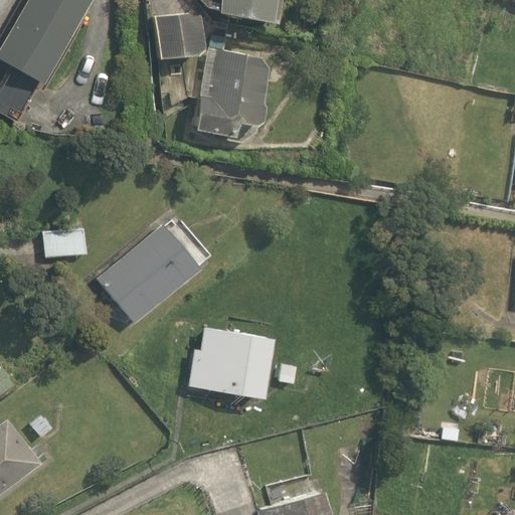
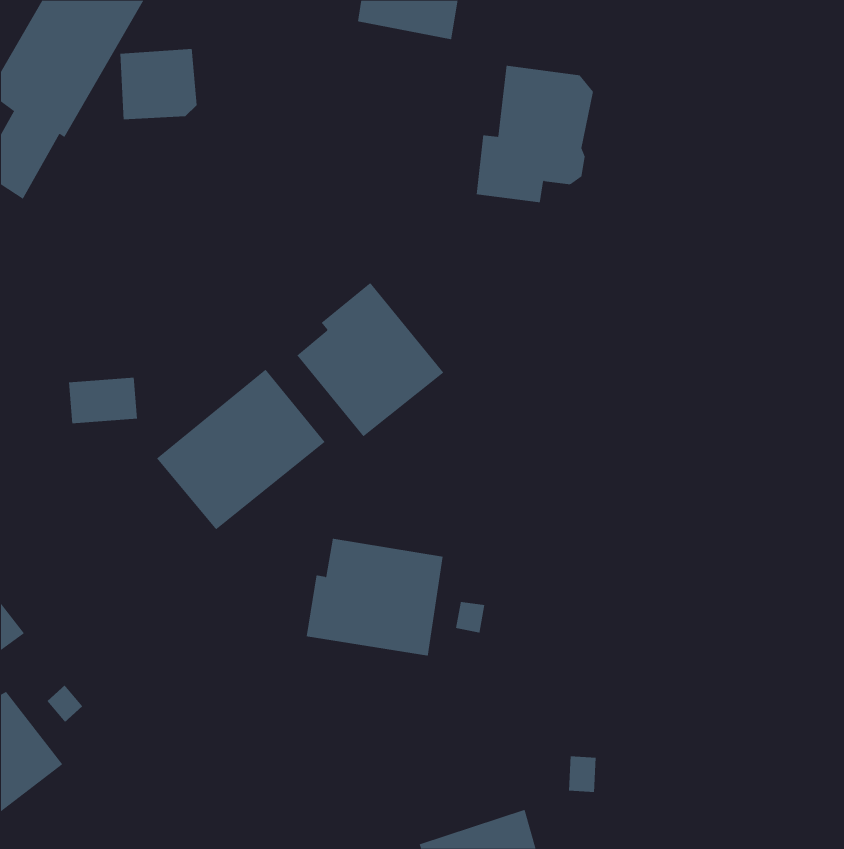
building: [157,15,204,58] -> [119,49,198,120]
building: [195,52,267,136] -> [476,65,594,203]
building: none -> [296,282,444,437]

